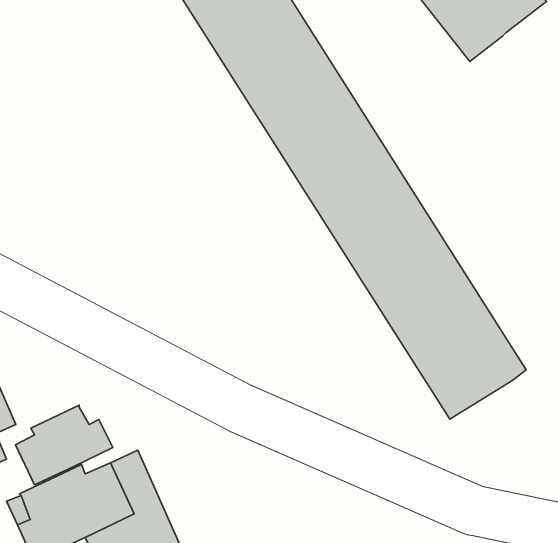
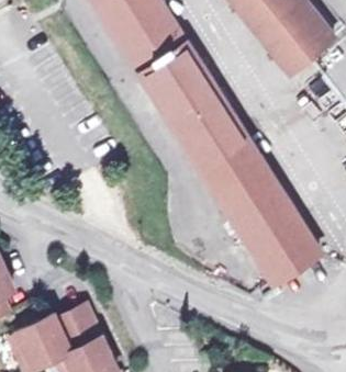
building: [15,405,113,485] -> none

